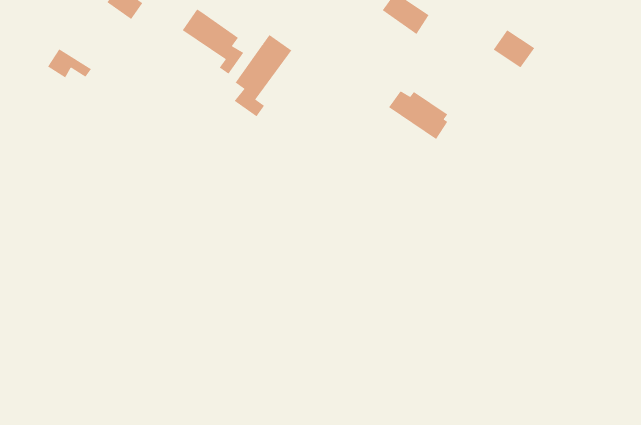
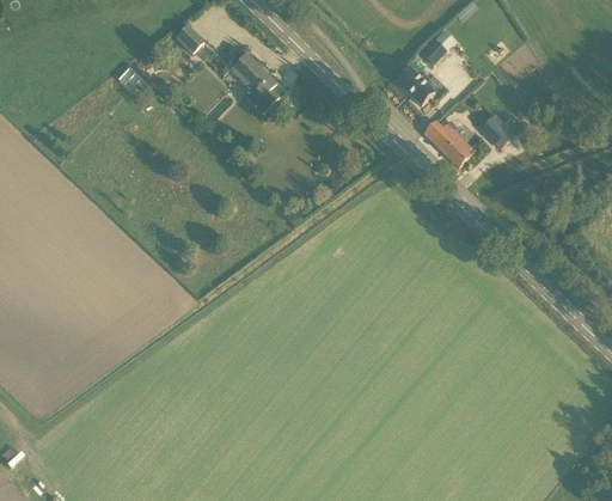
building: [234,34,292,117] -> none
building: [388,90,448,140] -> [424,121,472,166]

